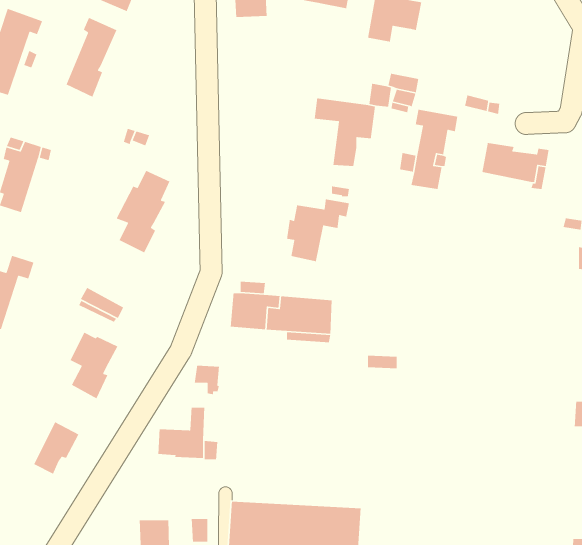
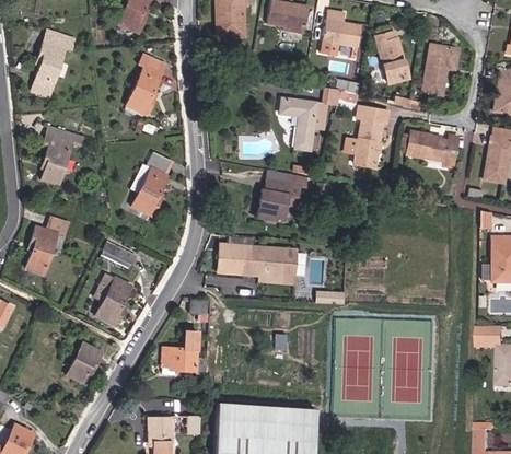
building: none -> [376,32,410,83]
building: [65,17,117,98] -> [127,55,166,116]
building: none -> [422,44,460,95]

